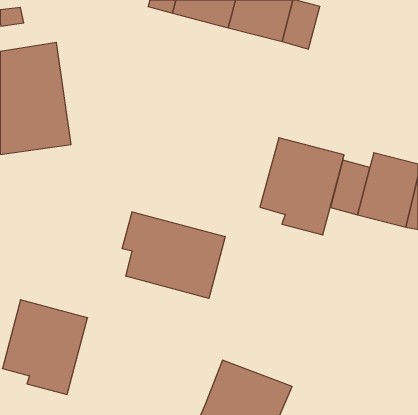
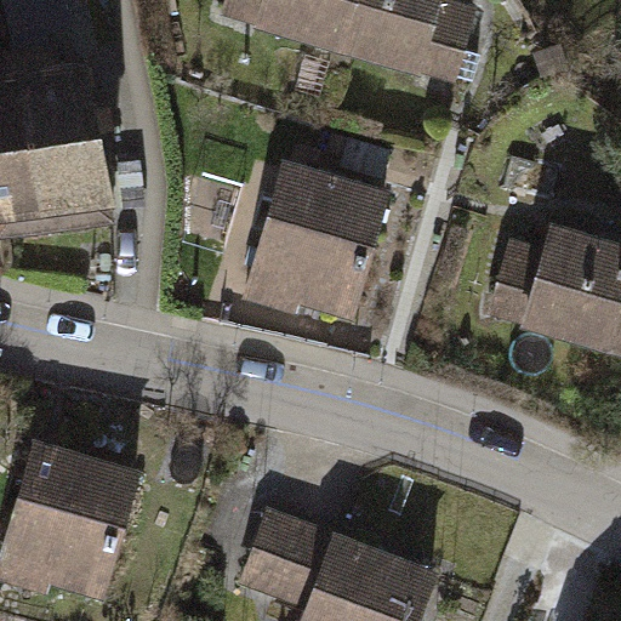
building: [260,138,344,235] -> [256,166,381,310]
building: [122,212,225,298] -> none
building: none -> [244,514,330,604]

